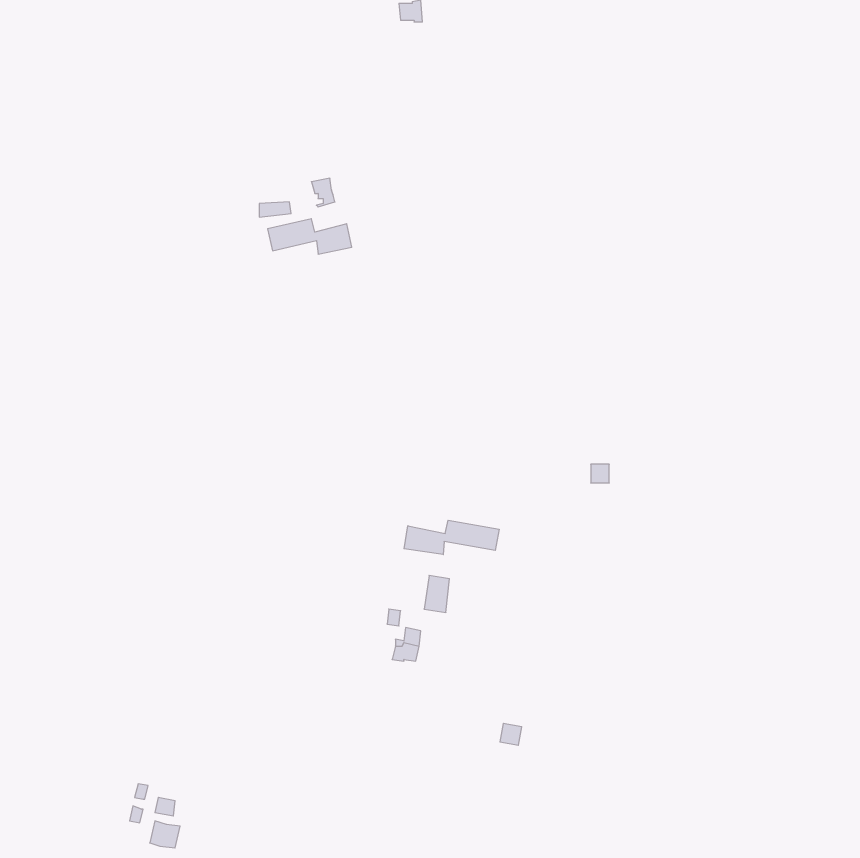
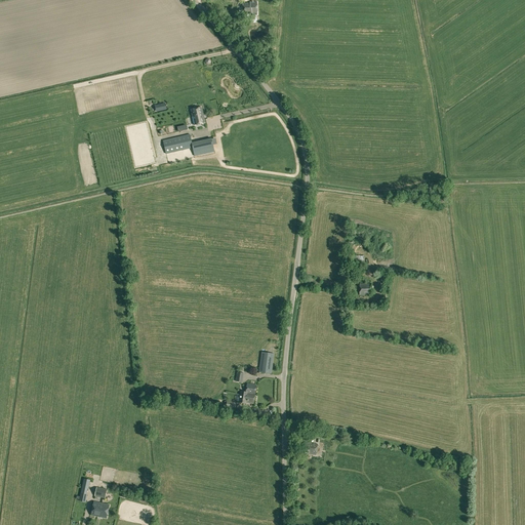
building: [404,520,499,555] -> none

